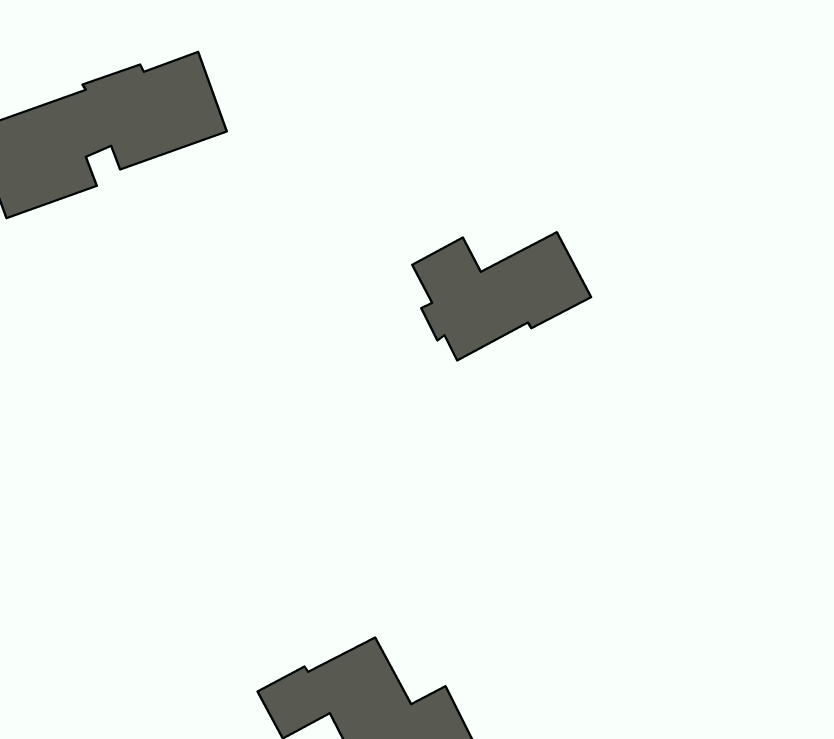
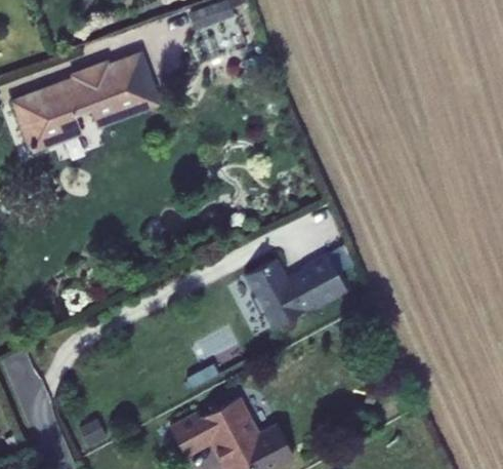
building: [412,232,591,361] -> [244,255,345,327]

